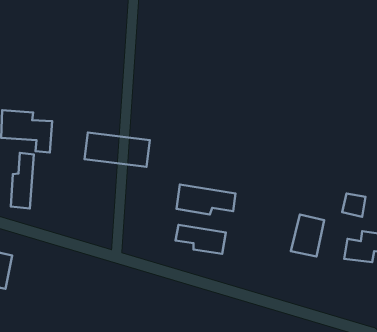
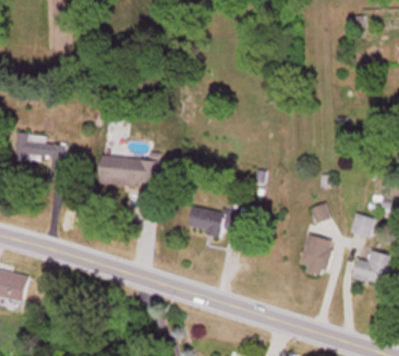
building: [11,153,34,208] -> none
building: [176,225,226,254] -> none

